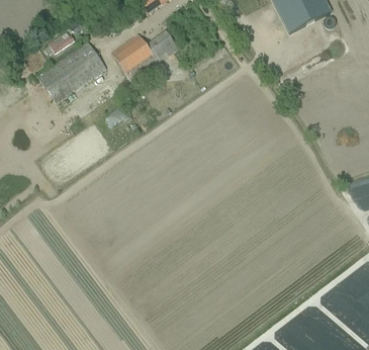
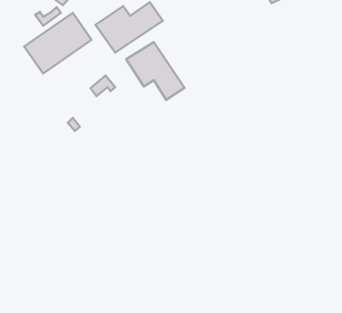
building: none -> [126,42,185,100]

